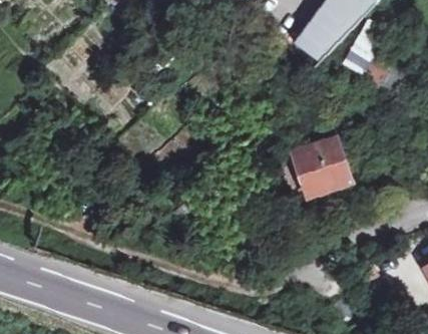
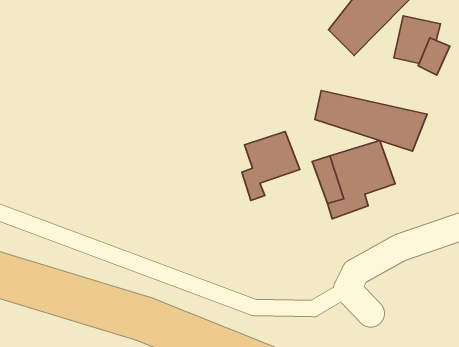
building: none -> [315,91,427,151]
building: none -> [242,132,300,200]

